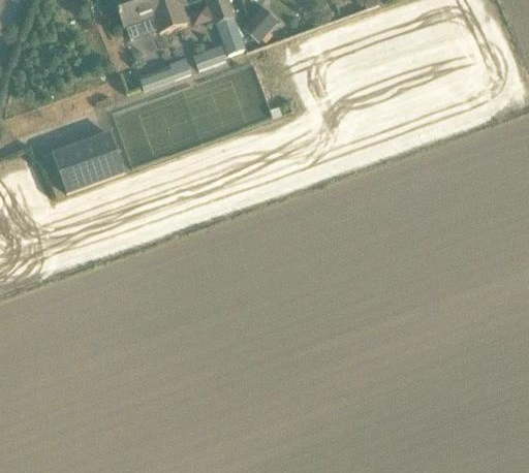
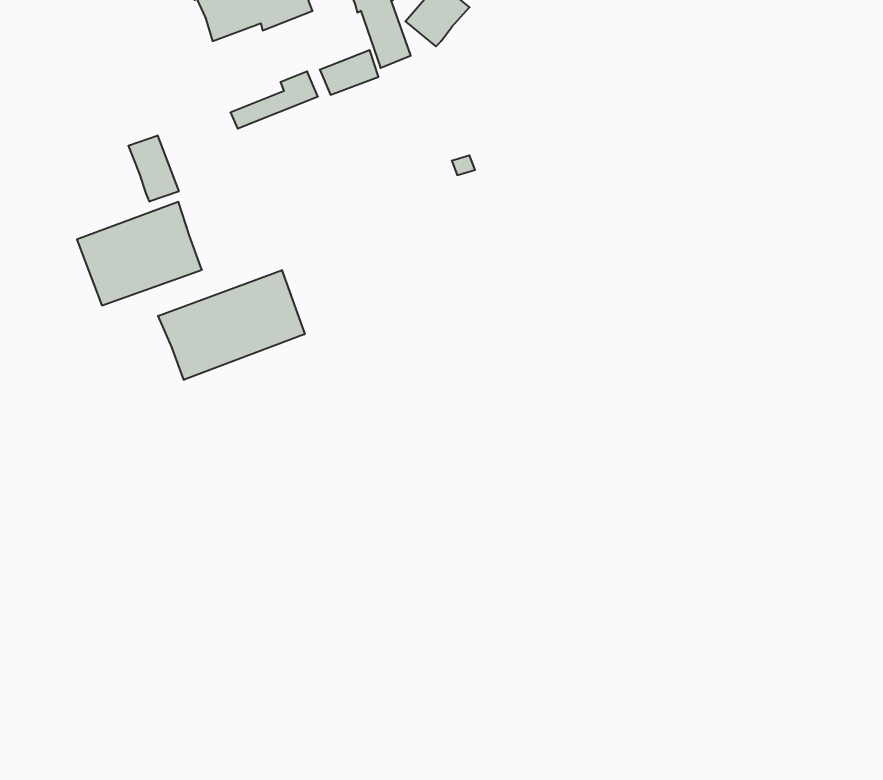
building: none -> [128,135,179,202]
building: none -> [158,270,305,380]

